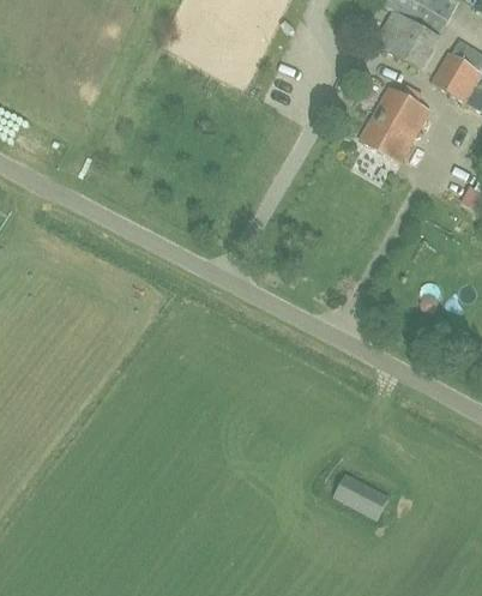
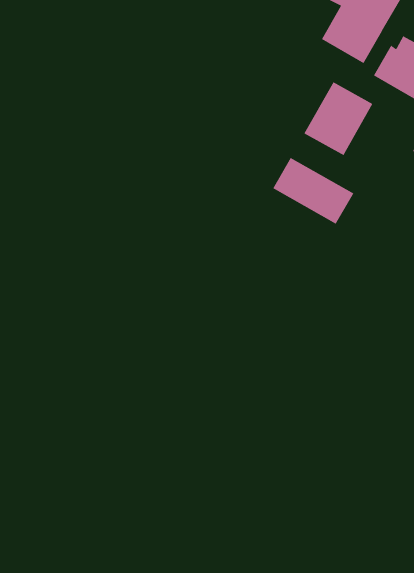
building: none -> [272,157,354,224]
building: [332,471,388,520] -> none

